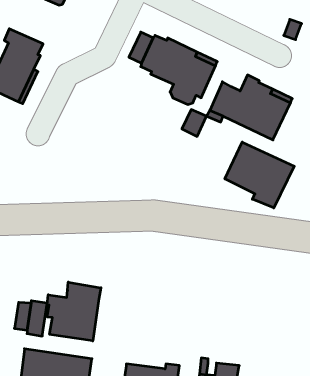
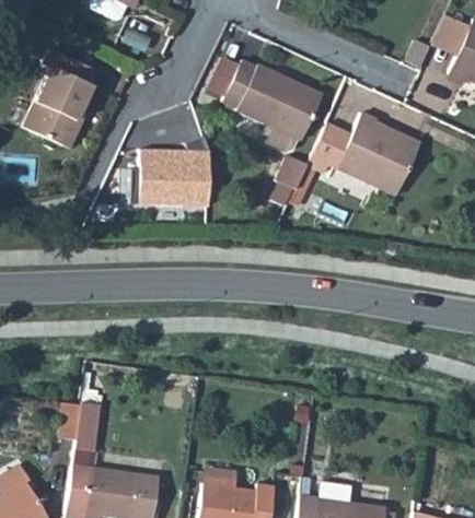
building: none -> [134,134,212,204]
building: [225,142,294,208] -> none
building: [47,282,101,341] -> none

